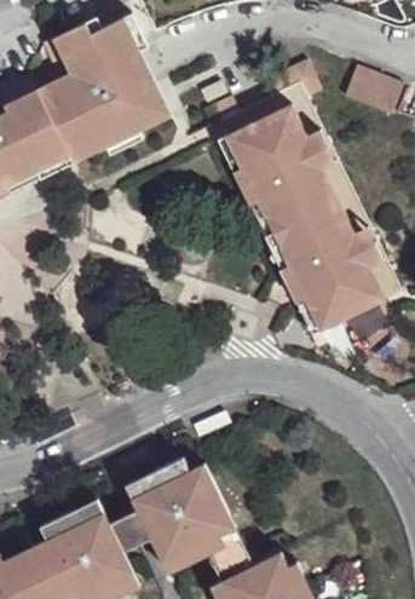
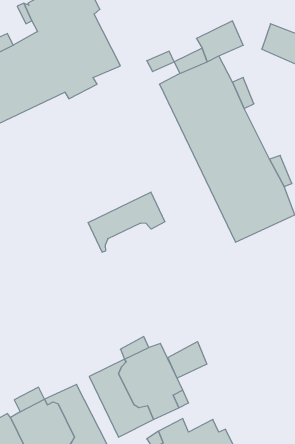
building: none -> [88,192,165,252]
building: none -> [168,342,207,378]

